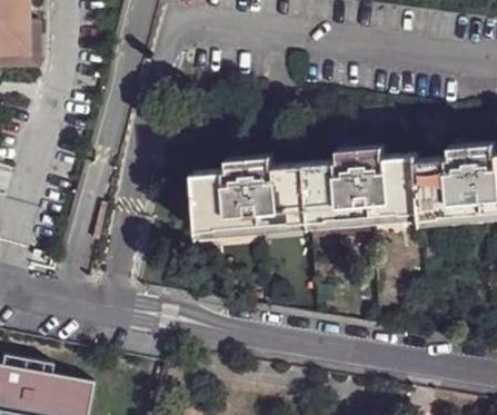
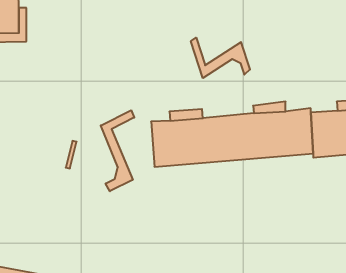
building: none -> [191,38,250,78]
building: none -> [101,110,134,191]

